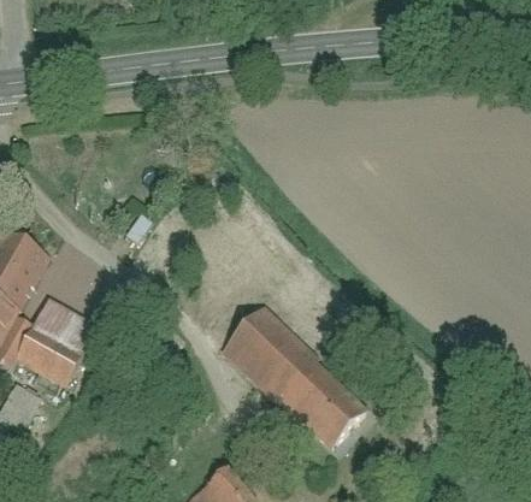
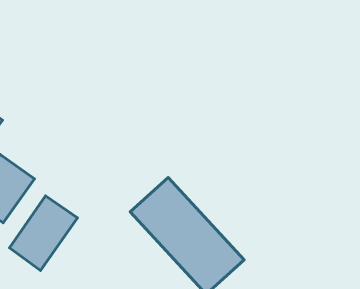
building: none -> [9,196,77,270]

